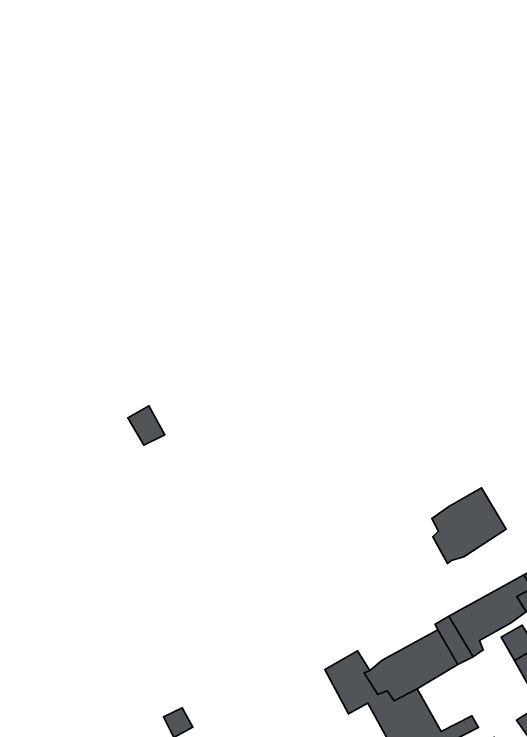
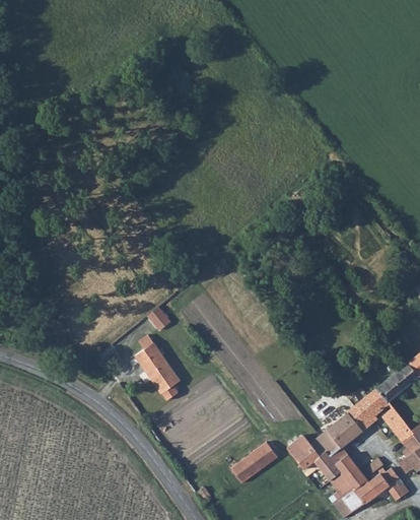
building: none -> [133,339,180,402]
building: [432,488,506,564] -> none
building: none -> [231,446,276,486]

